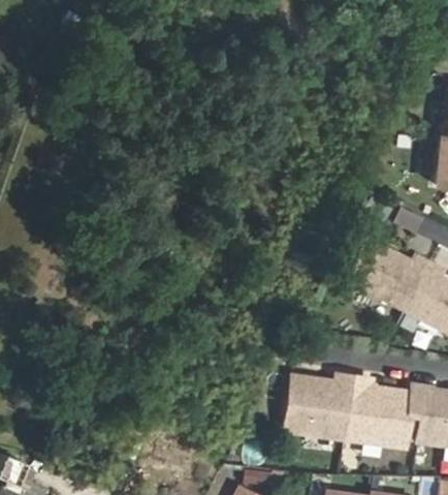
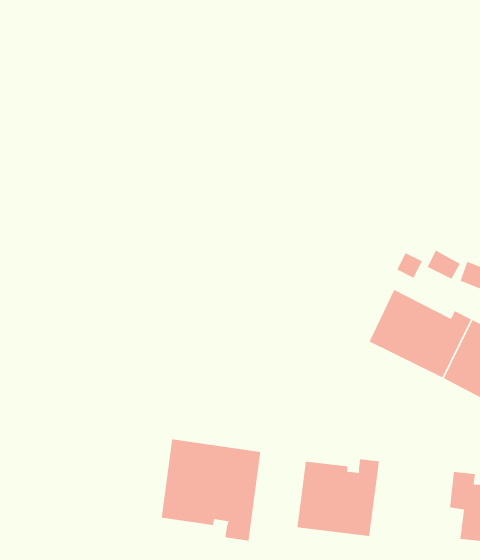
building: none -> [161,439,261,541]
building: [346,378,413,448] -> none

